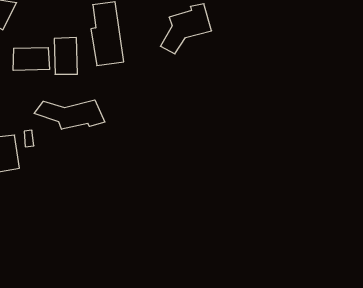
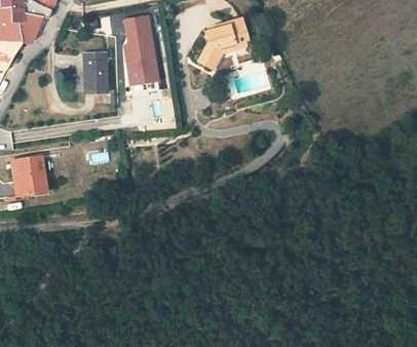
building: [13,48,50,70] -> none
building: [34,100,105,129] -> none

